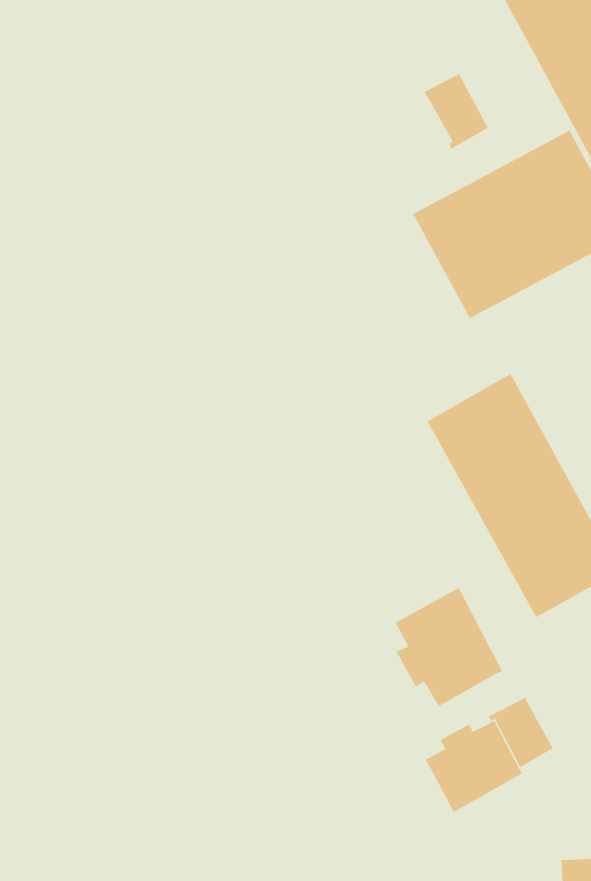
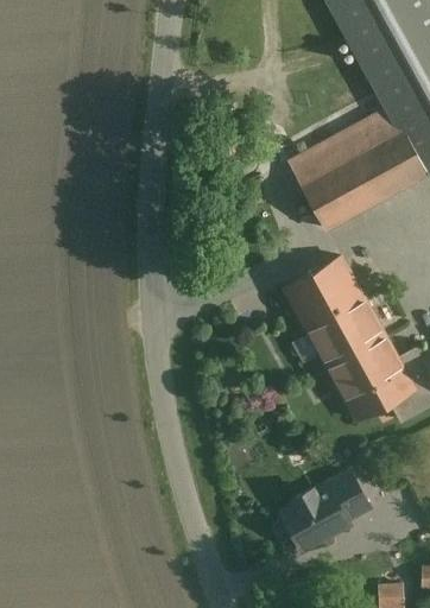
building: [423,73,489,150] -> none
building: [394,587,503,707] -> none

